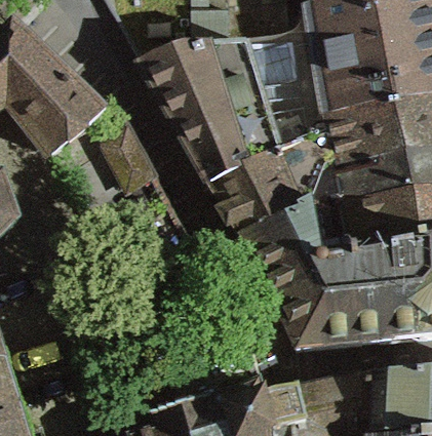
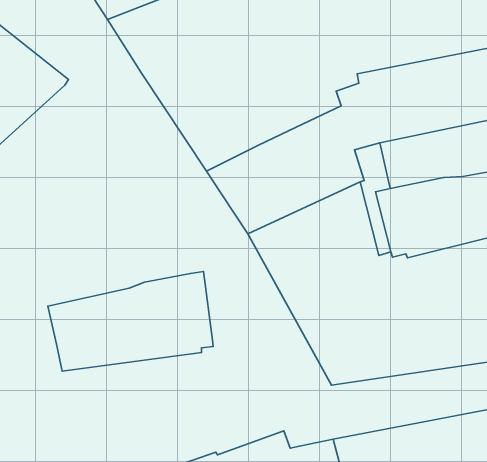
building: none -> [48,272,213,371]

